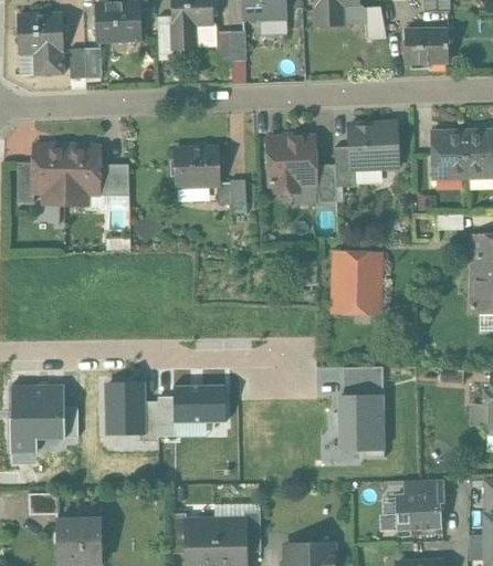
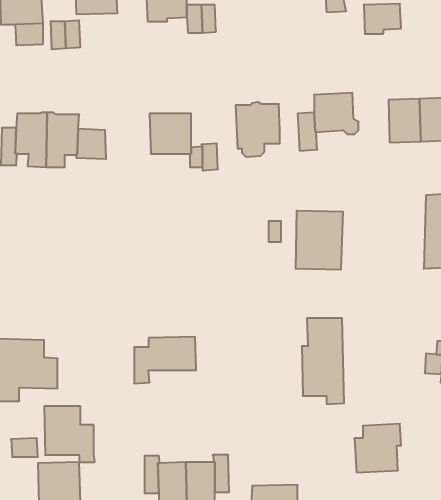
building: [314,165,337,203] -> none
building: [106,385,160,444] -> [44,406,95,462]

